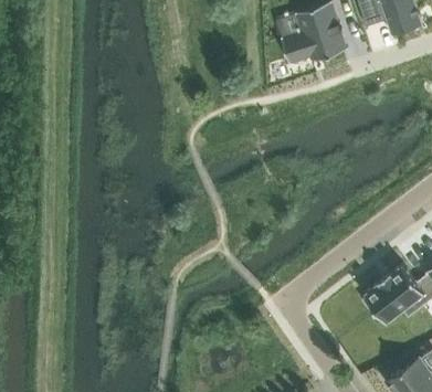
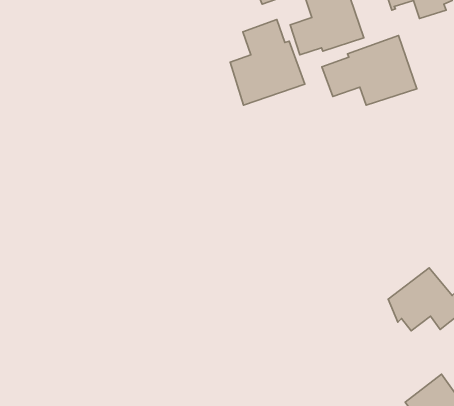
building: none -> [230,20,305,105]
building: none -> [322,36,417,105]

